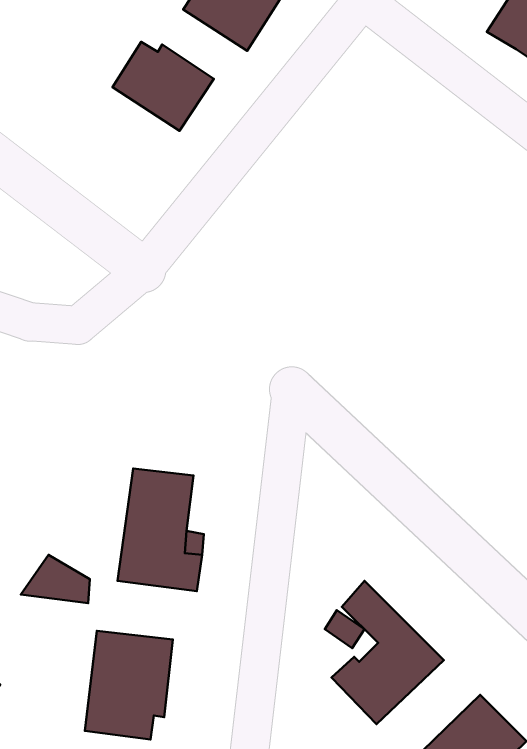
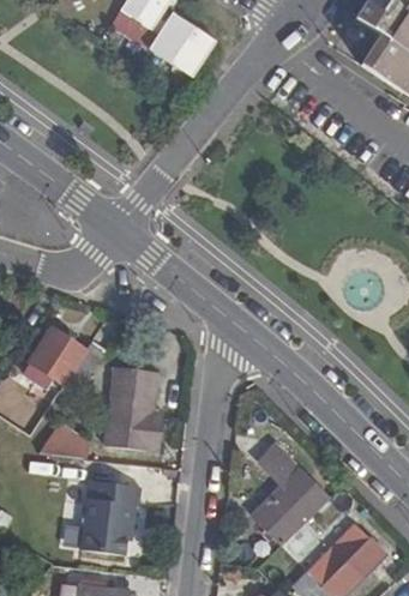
building: [112,42,214,131] -> none
building: none -> [29,329,101,393]

